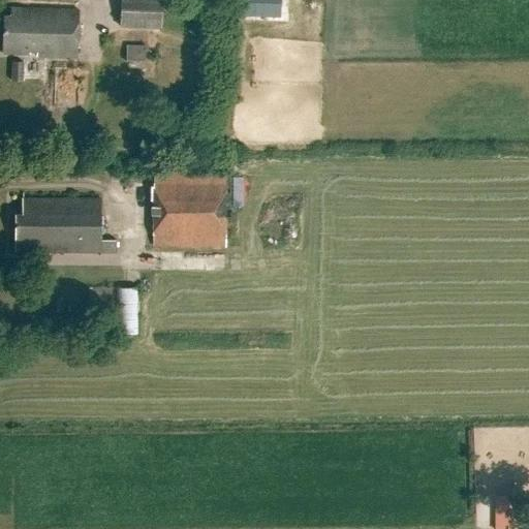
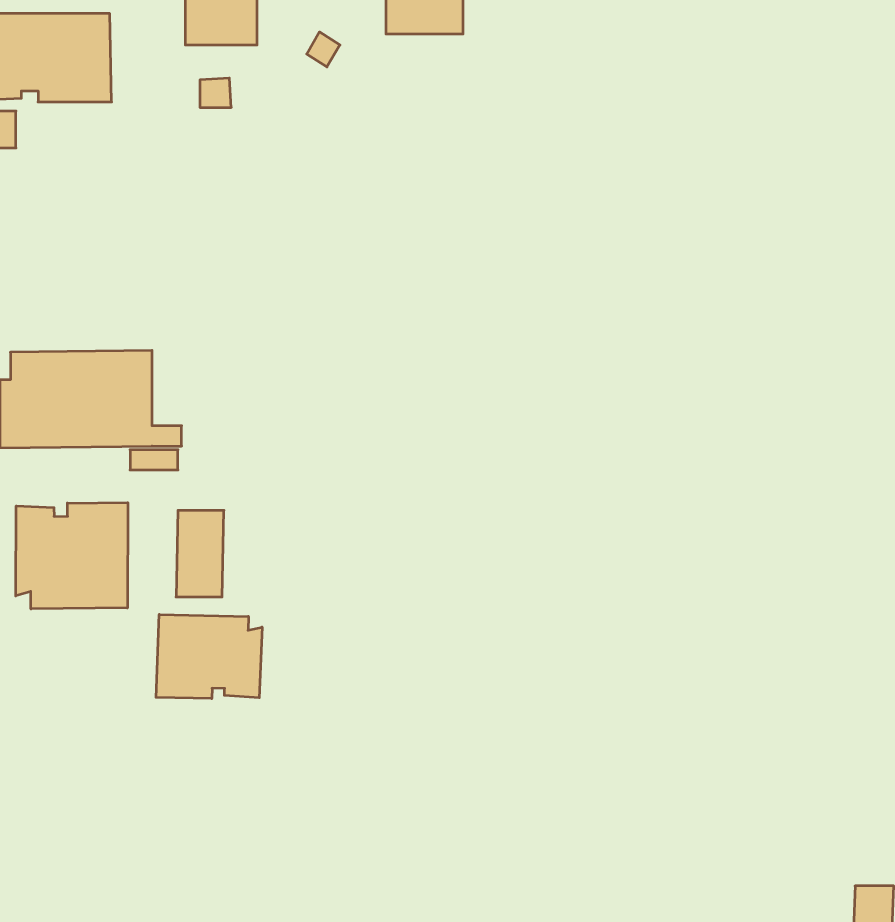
building: [153,170,227,247] -> none
building: none -> [16,503,128,609]
building: none -> [156,614,262,699]

